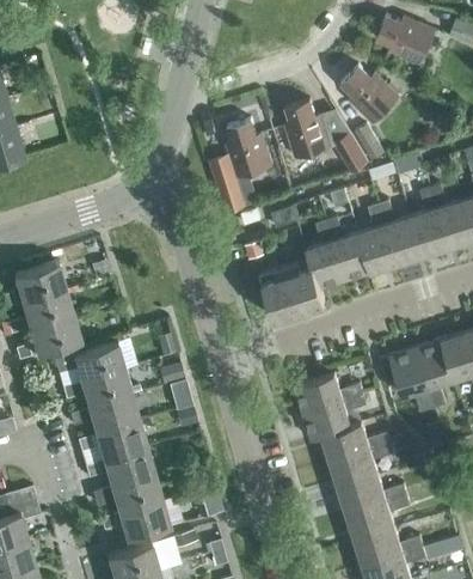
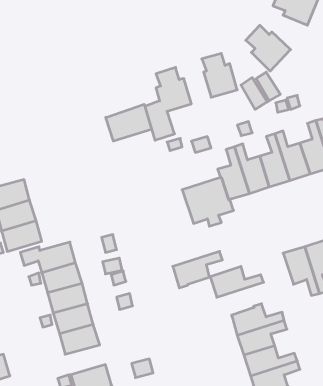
building: none -> [106,104,151,141]
building: [303,394,367,440] -> [173,251,222,288]
building: [92,474,161,512] -> none

